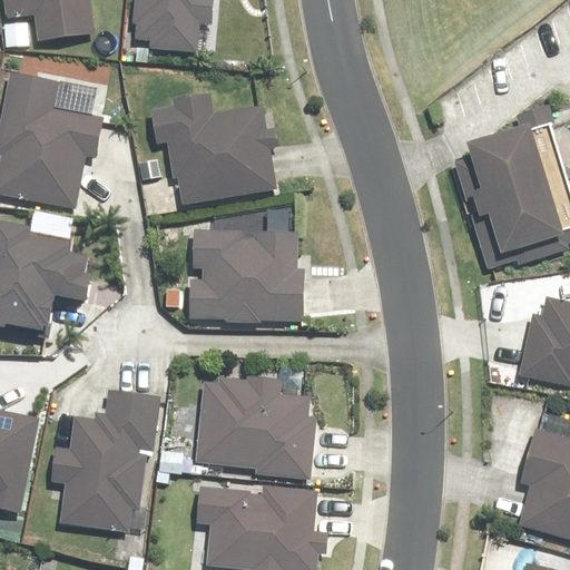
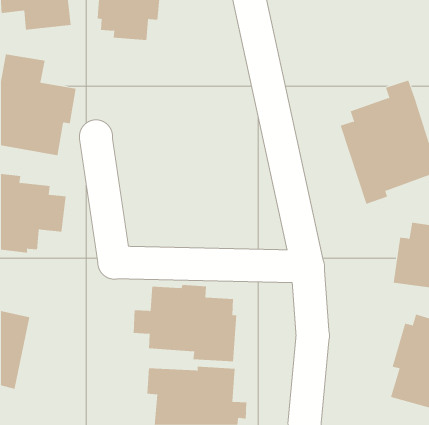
building: [147,96,277,204] -> none
building: [188,232,306,325] -> none
building: [50,391,158,531] -> none

